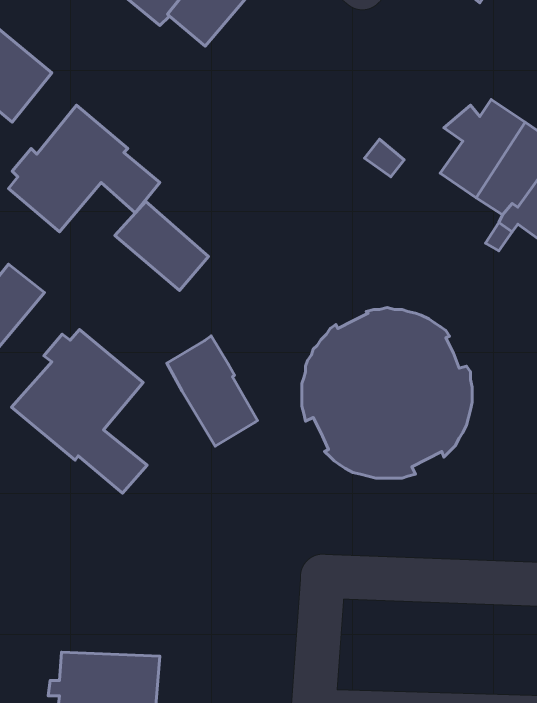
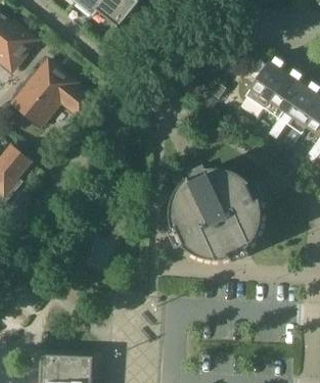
building: [115,201,208,290] -> none
building: [11,329,147,493] -> none
building: [167,336,257,446] -> none

